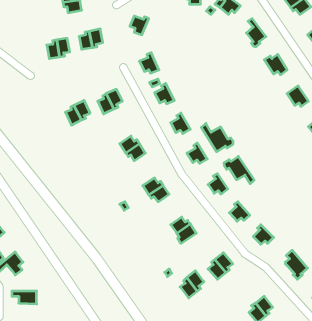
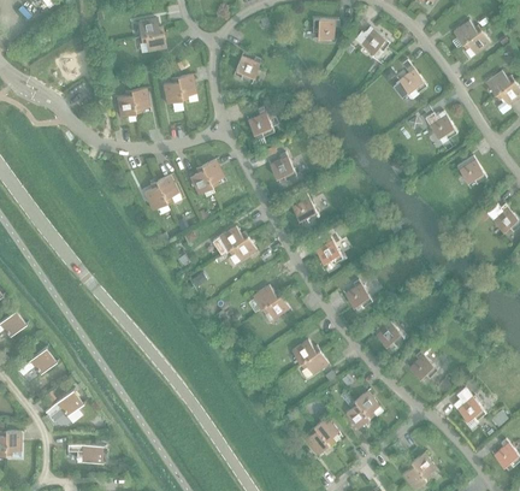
building: [201,123,233,152] -> none
building: [224,156,254,184] -> none

